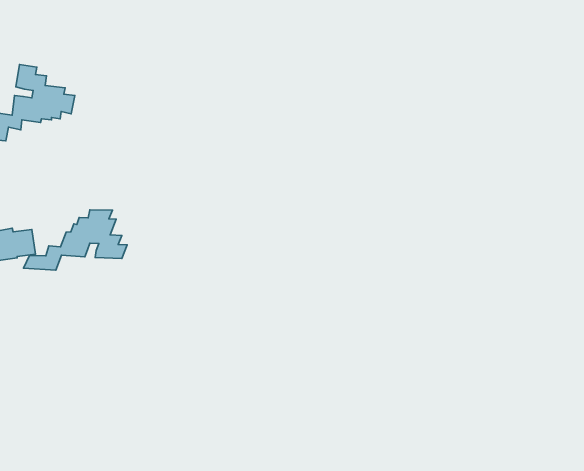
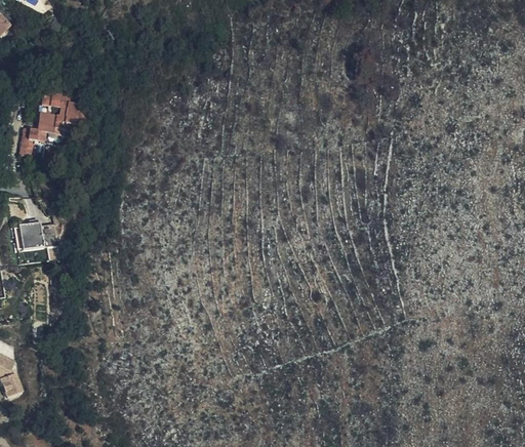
building: [23,210,127,270] -> none

